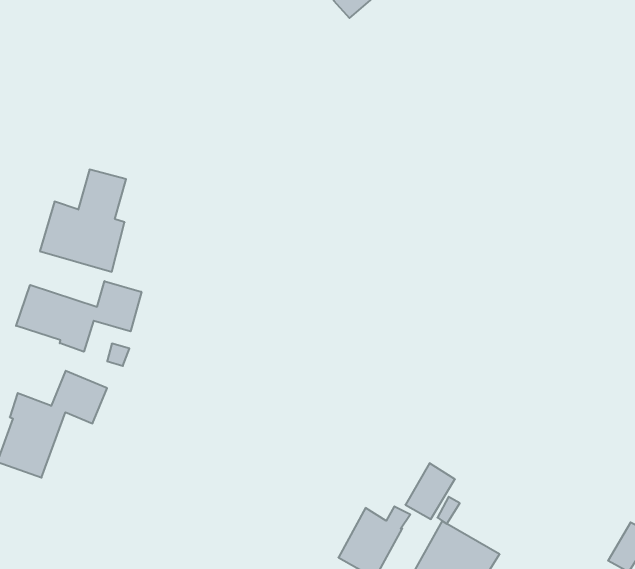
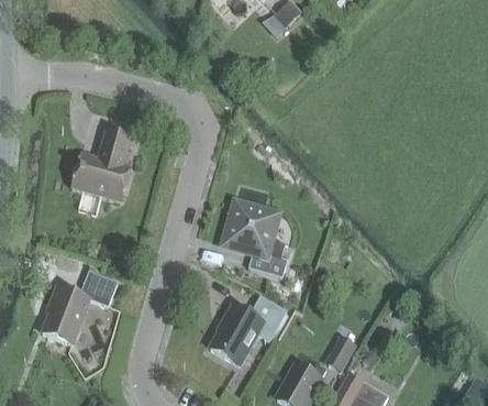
building: none -> [226,199,287,275]
building: [16,281,141,352] -> none
building: none -> [210,294,287,363]

